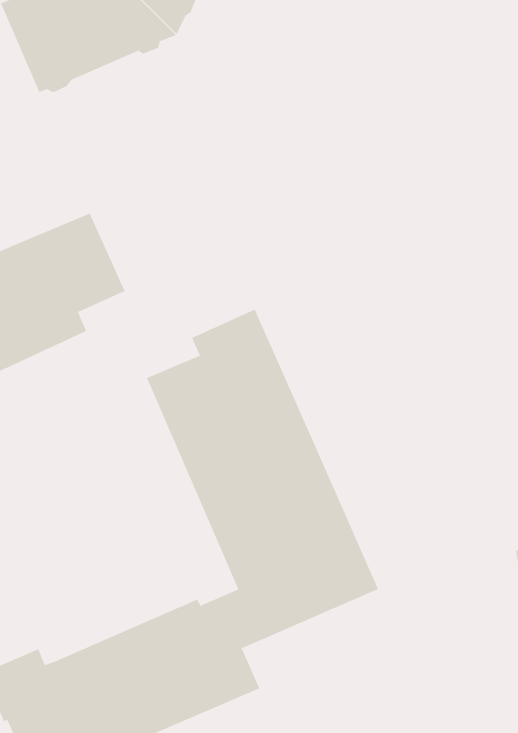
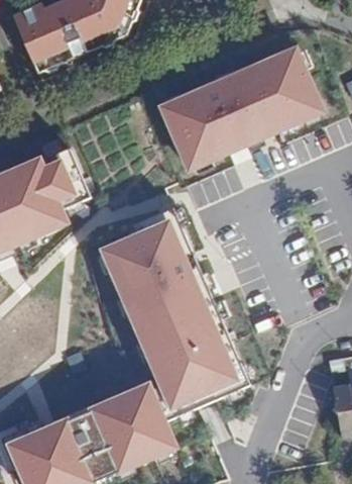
building: none -> [159,49,319,168]

